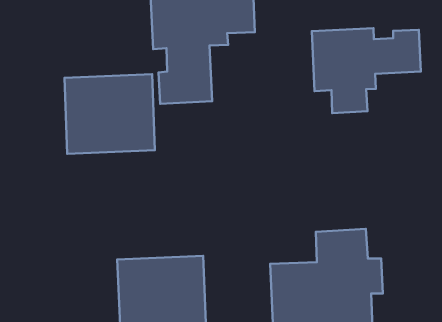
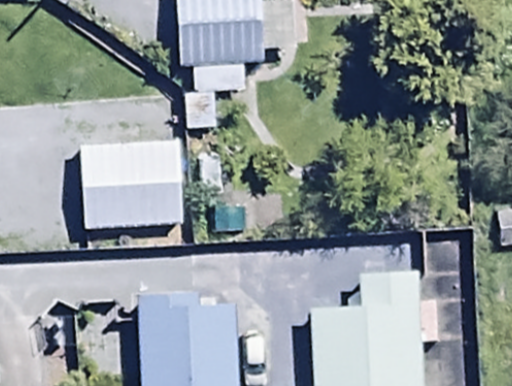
building: [312,28,421,113] -> none

